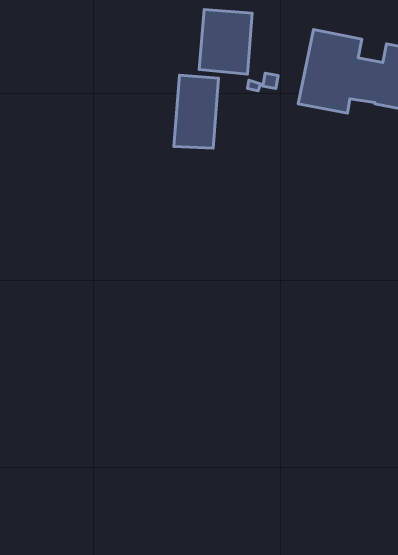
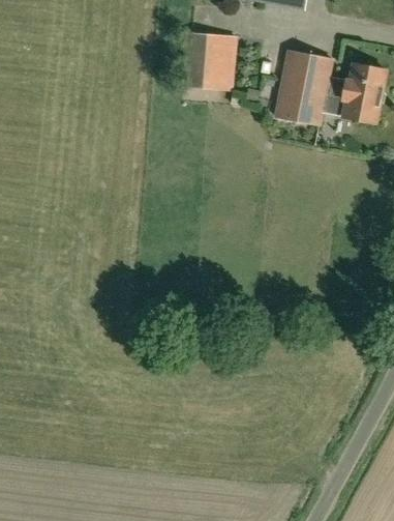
building: [174,75,219,148] -> none

